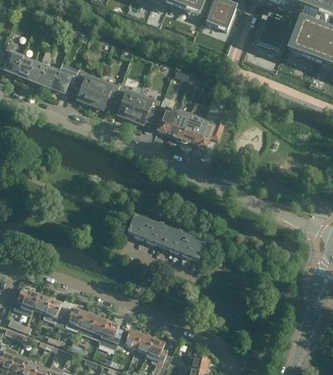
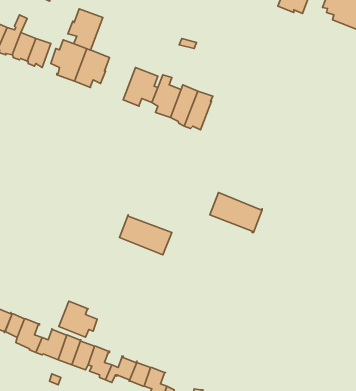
building: [112,85,141,118] -> [68,9,103,50]
building: [193,116,224,147] -> none
building: [163,226,206,259] -> [210,192,262,232]
building: none -> [59,301,97,337]

